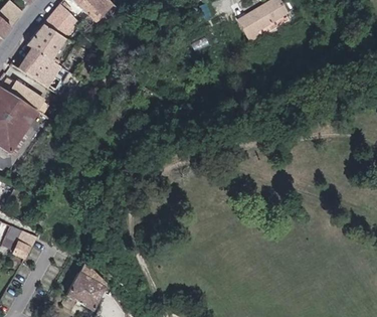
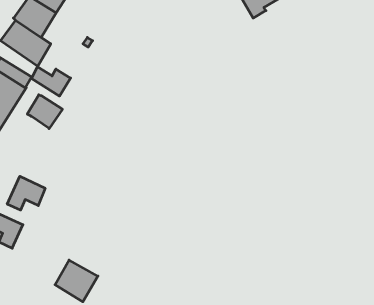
building: none -> [32,67,71,96]
building: none -> [27,95,62,129]
building: none -> [7,176,45,210]

